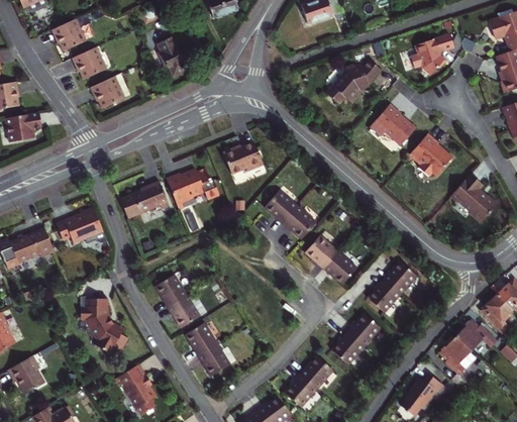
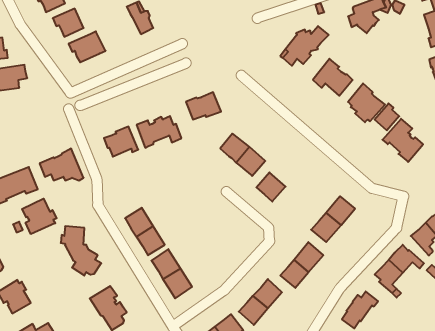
building: none -> [375,103,399,130]
building: [323,250,357,285] -> none
building: none -> [22,199,57,234]

